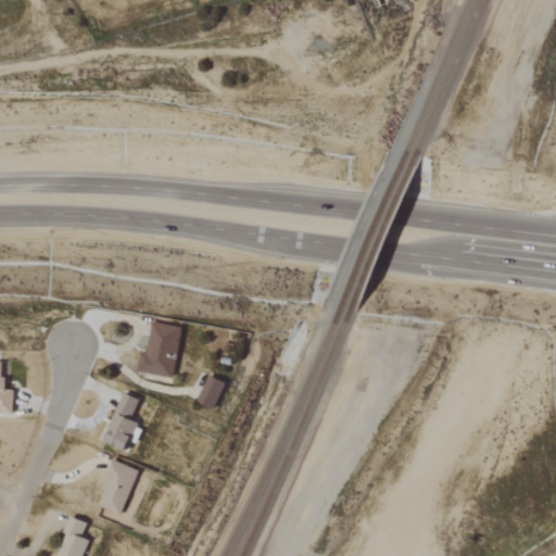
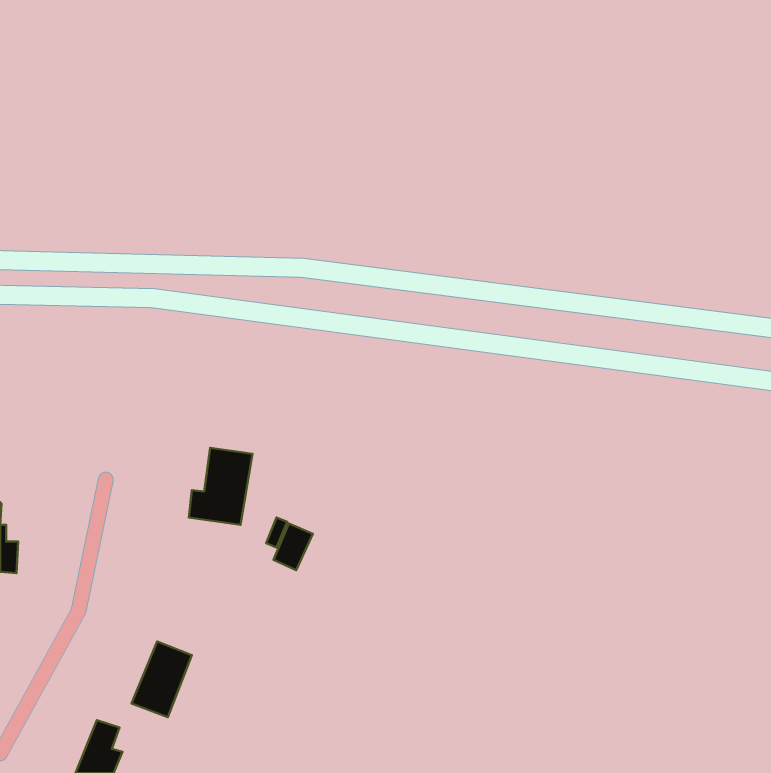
building: [102,392,139,451] -> none

